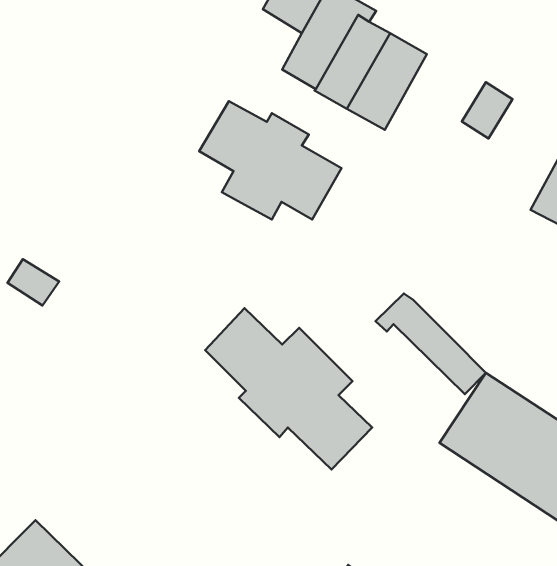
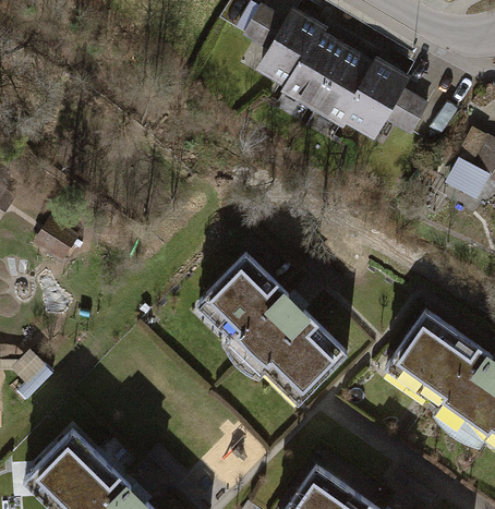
building: none -> [342,62,414,146]
building: [199,101,342,220] -> none
building: [376,293,486,394] -> none

